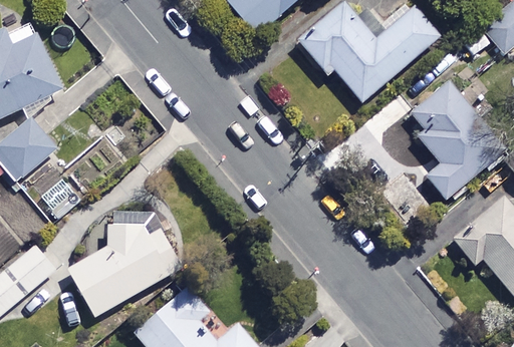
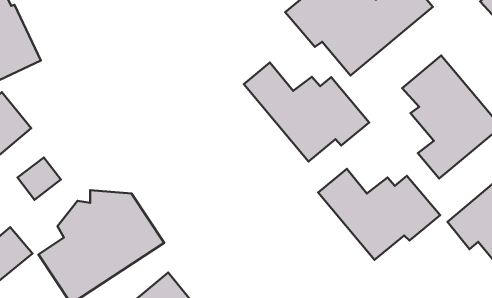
building: none -> [244,63,369,161]
building: none -> [318,169,440,260]

